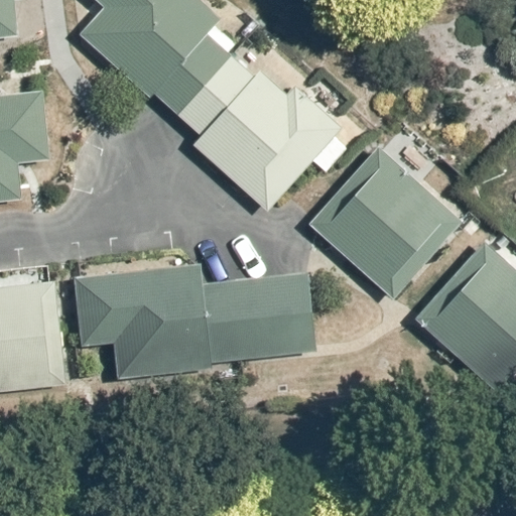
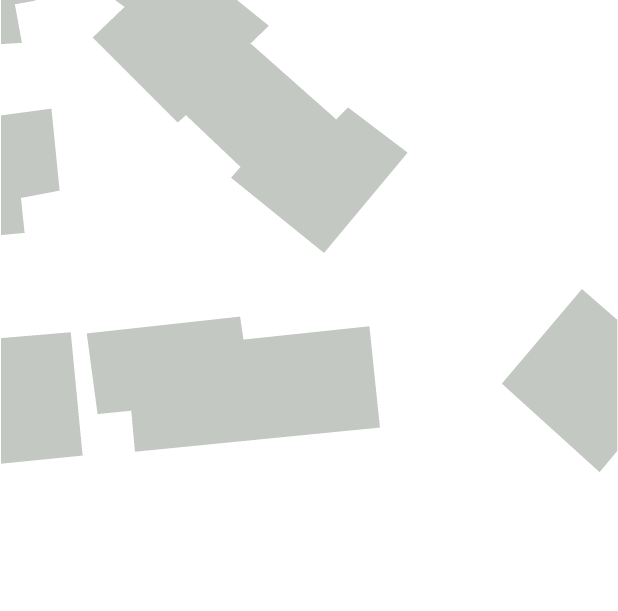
building: [310,149,460,296] -> none

